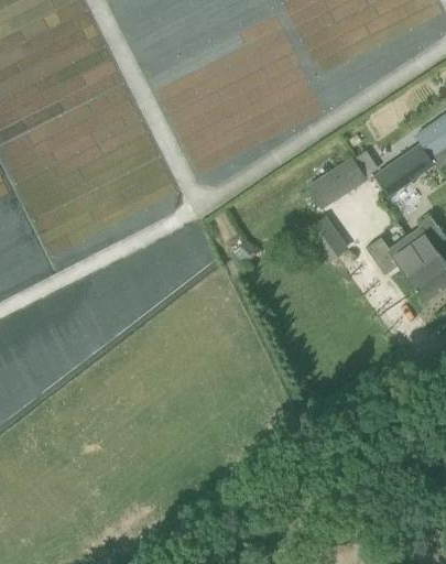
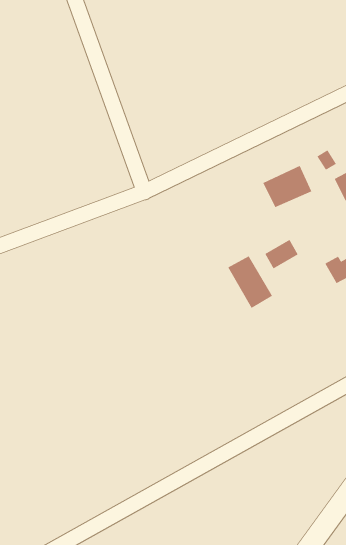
building: none -> [227,255,273,309]

